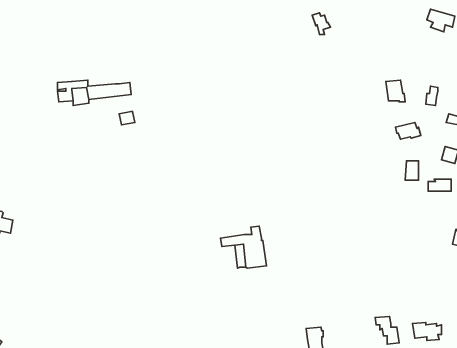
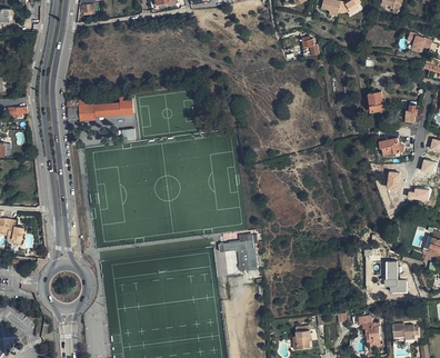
building: none -> [384,261,407,292]

